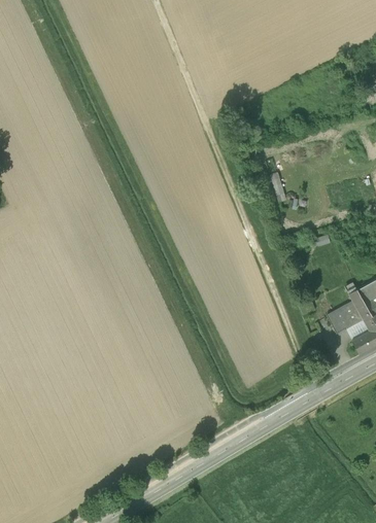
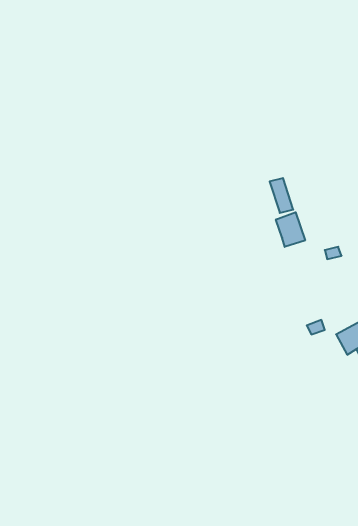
building: none -> [276,212,305,247]

